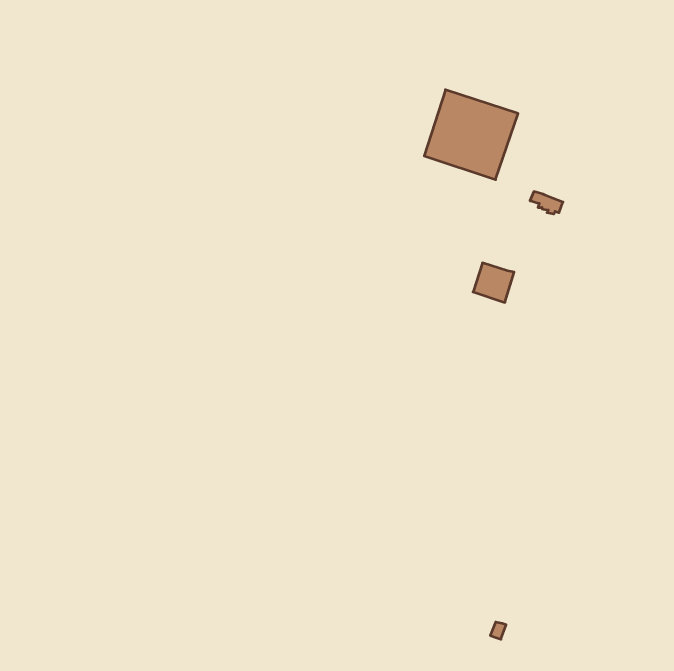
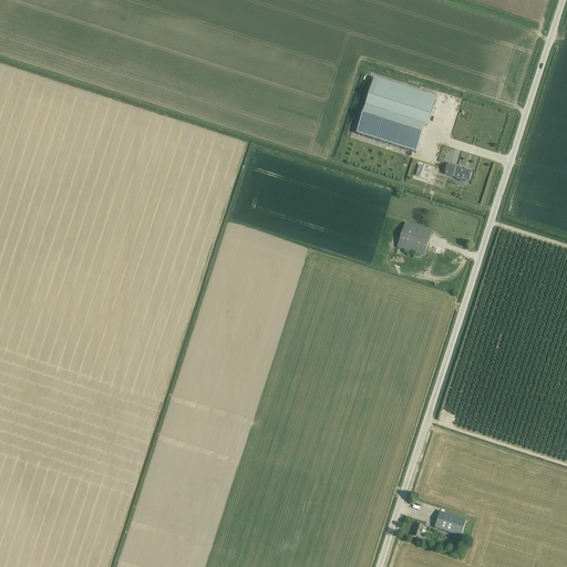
building: none -> [434,509,466,534]

